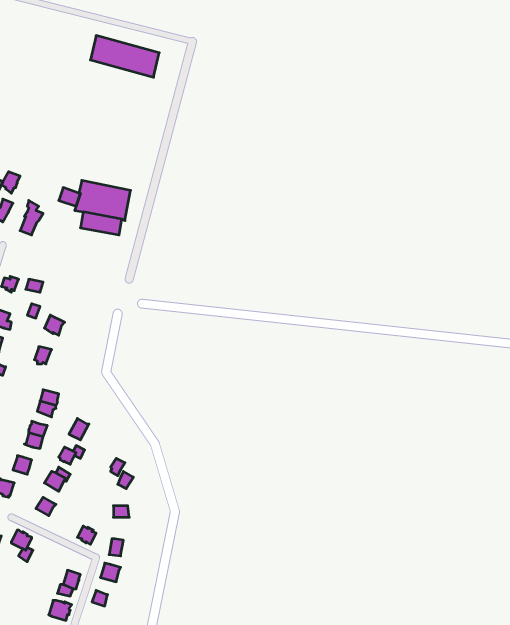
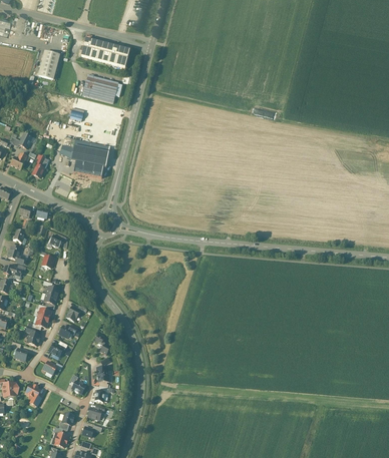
building: none -> [37,50,58,78]
building: none -> [81,75,116,102]

